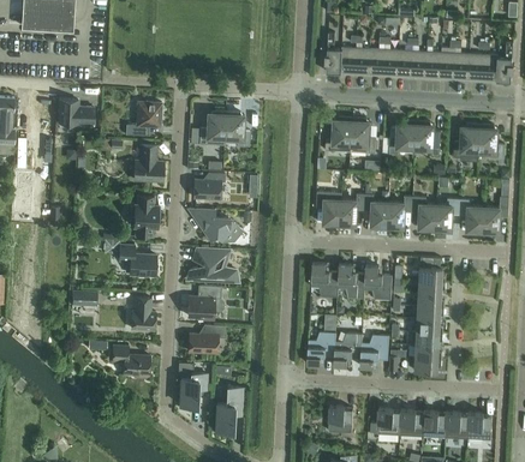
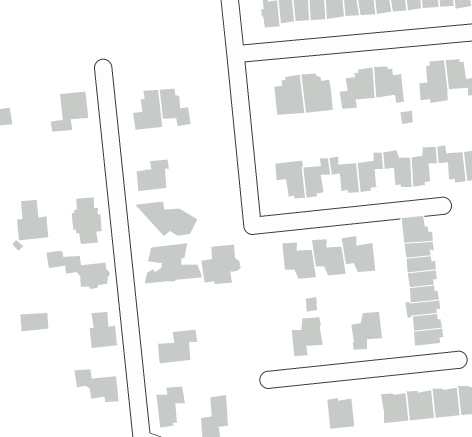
building: [133,145,162,181] -> [16,200,49,241]
building: [187,286,222,320] -> [200,244,241,284]
building: [333,334,362,366] -> none

